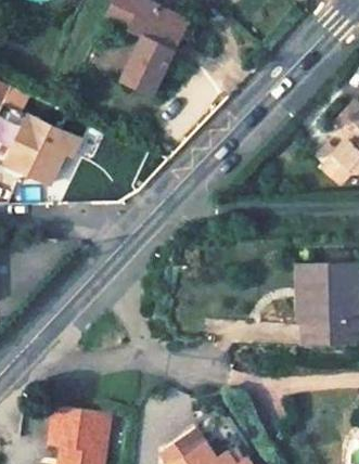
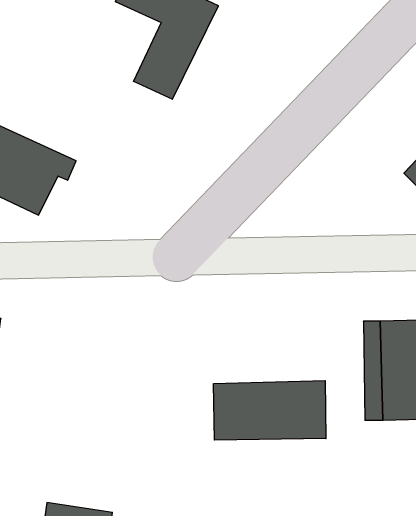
building: none -> [214,381,326,440]

